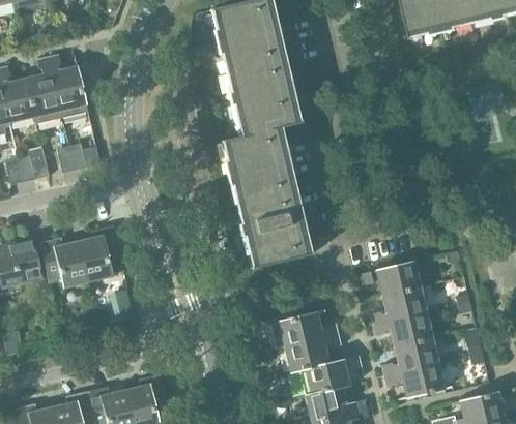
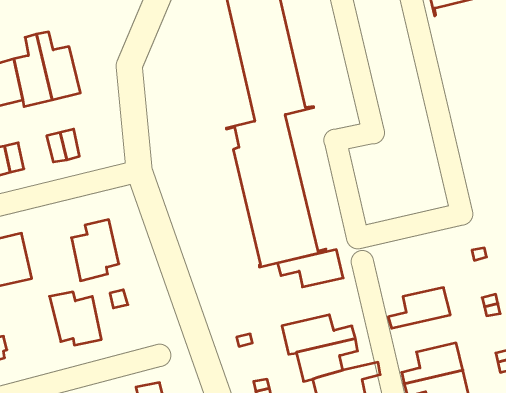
building: [39,238,87,286] -> [49,292,101,345]
building: [360,262,420,296] -> [278,250,343,287]
building: [372,312,431,346] -> none

